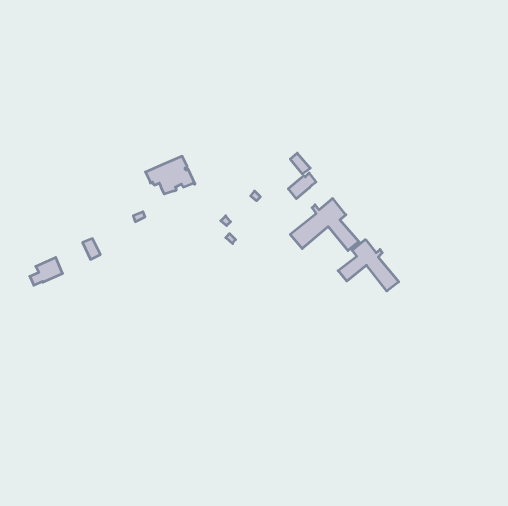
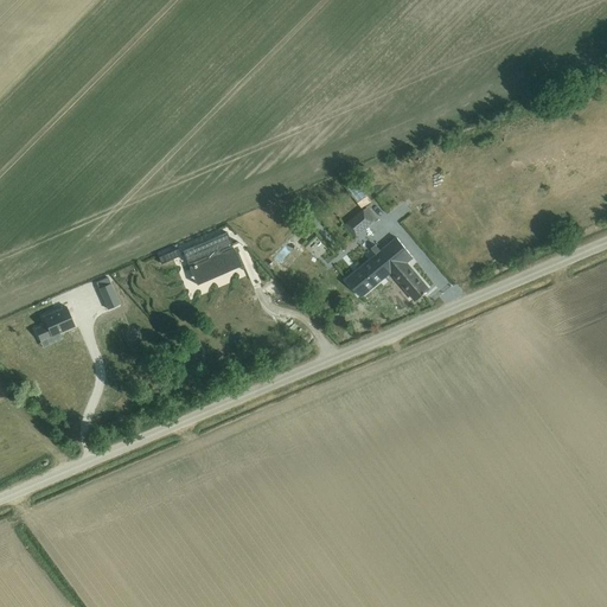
building: [145,156,195,194] -> [183,235,242,280]
building: [338,240,399,291] -> none

